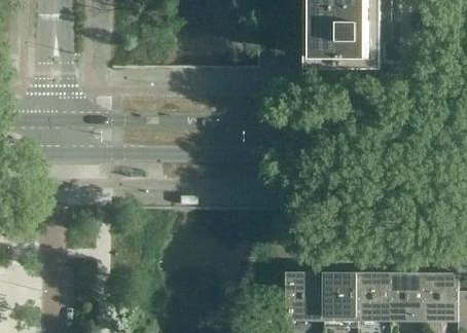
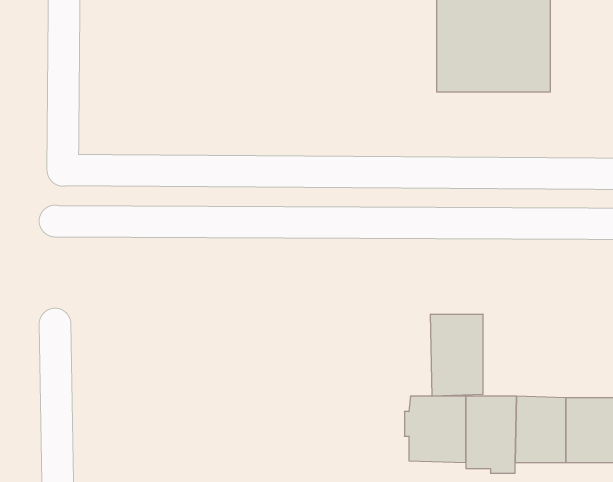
building: none -> [431,314,483,396]

